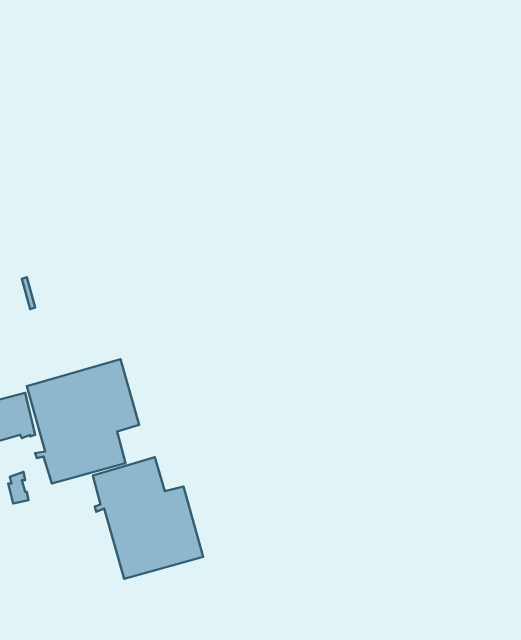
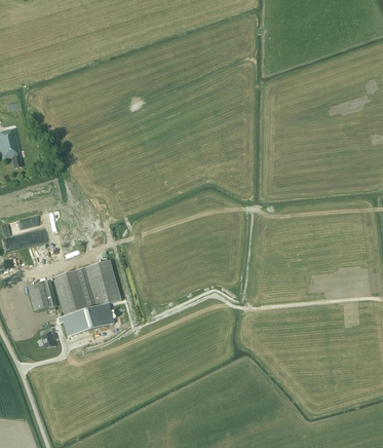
building: [93,457,203,579] -> none

